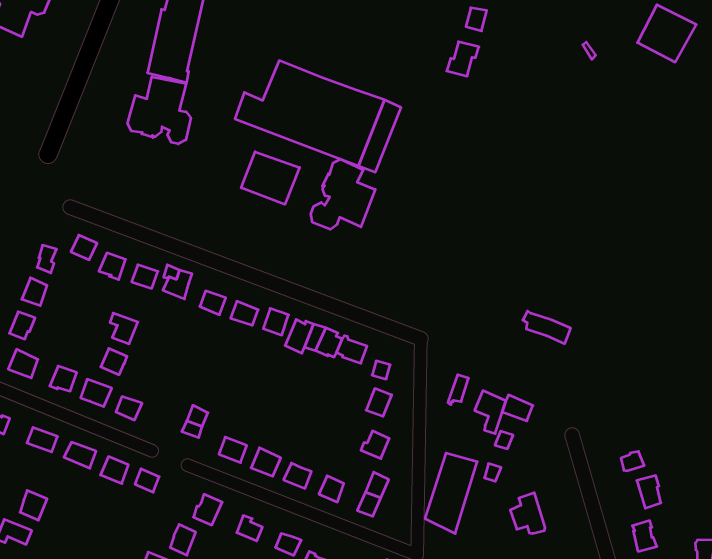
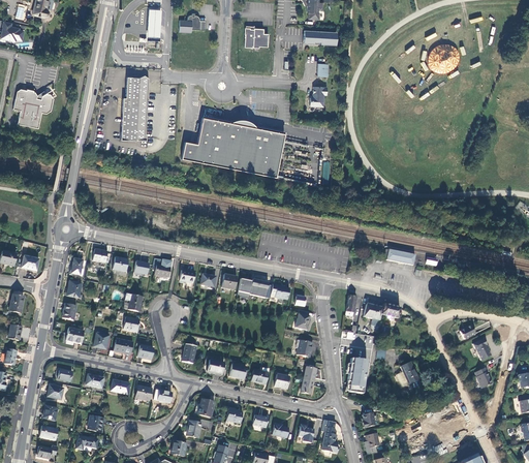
building: [128,77,191,144] -> none
building: [241,152,300,204] -> none
building: [311,159,375,229] -> none

